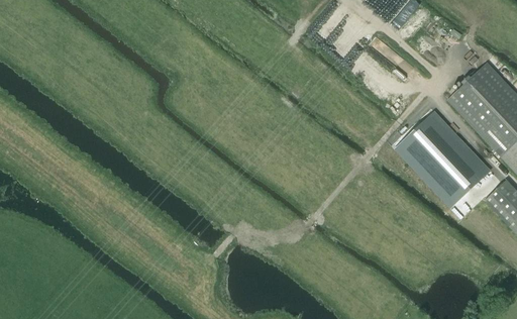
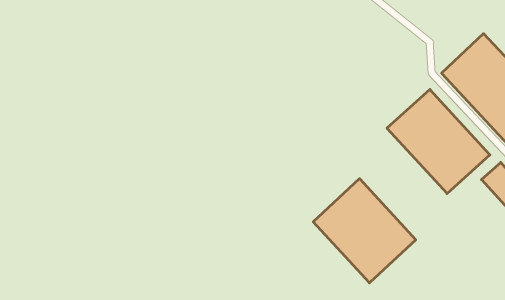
building: none -> [313,179,416,283]

